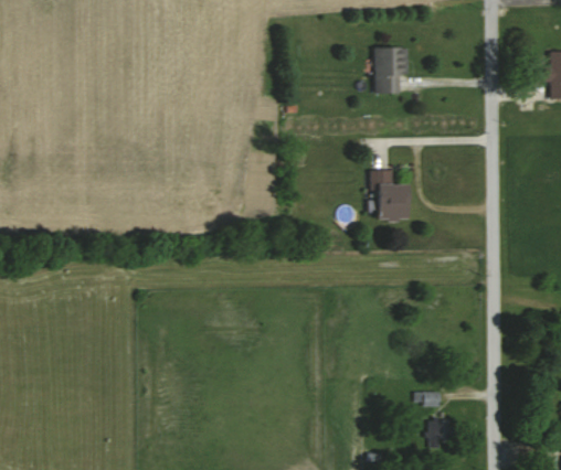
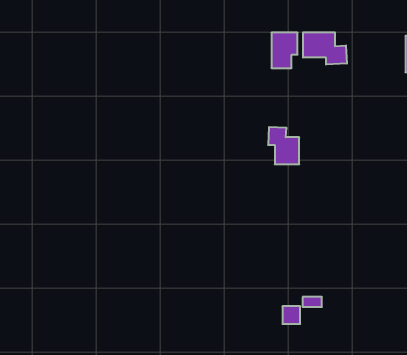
building: none -> [303,32,347,65]
building: [428,419,452,442] -> [282,306,300,324]

